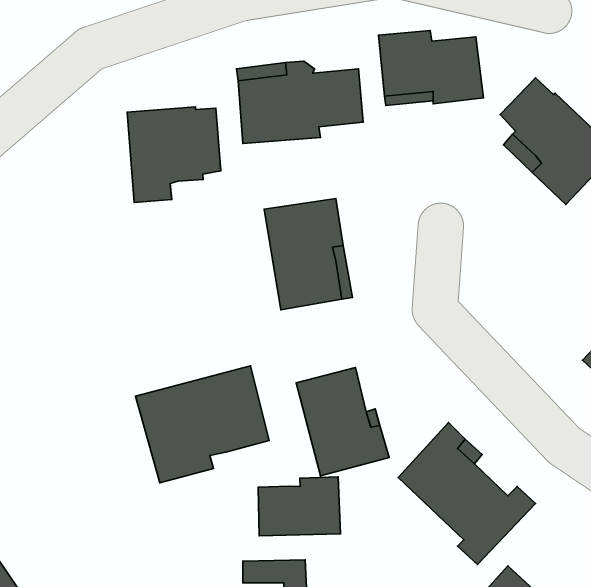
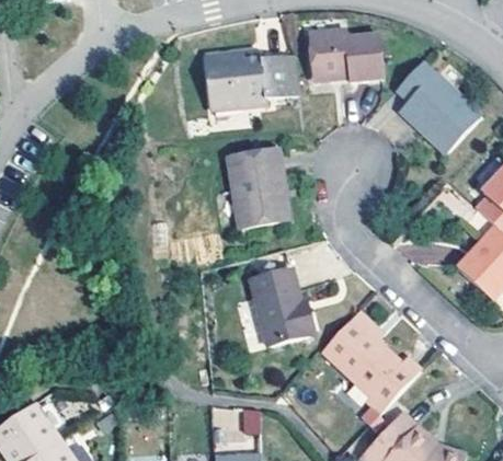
building: [127,107,221,202] -> none
building: [135,366,269,483] -> none
building: [258,477,340,536] -> none

